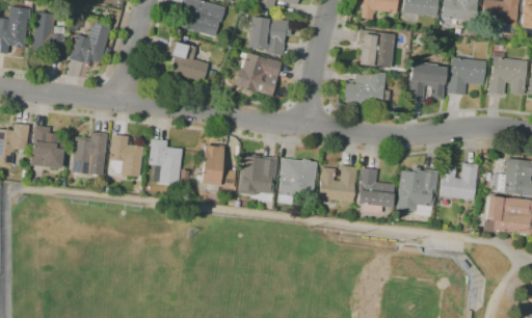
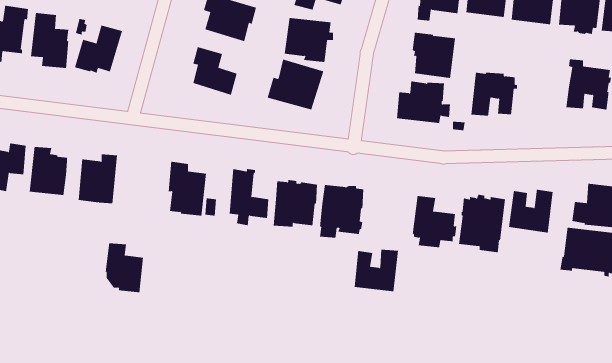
building: [448,57,486,95] -> none
building: [110,134,143,177] -> [105,243,144,293]
building: [319,165,357,202] -> [354,249,399,292]

